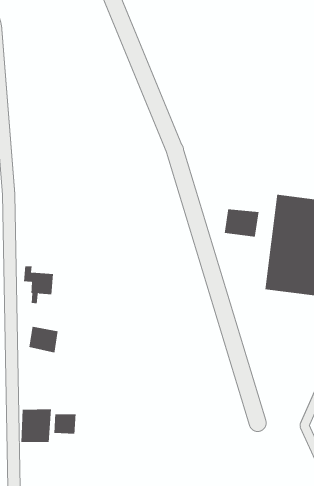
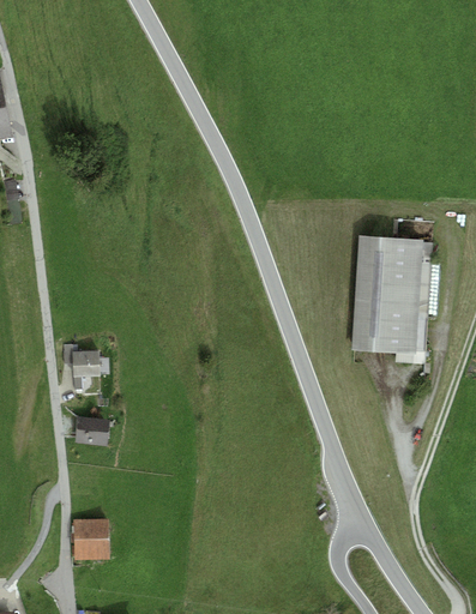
building: [224,209,259,238] -> none
building: [54,414,76,434] -> none

